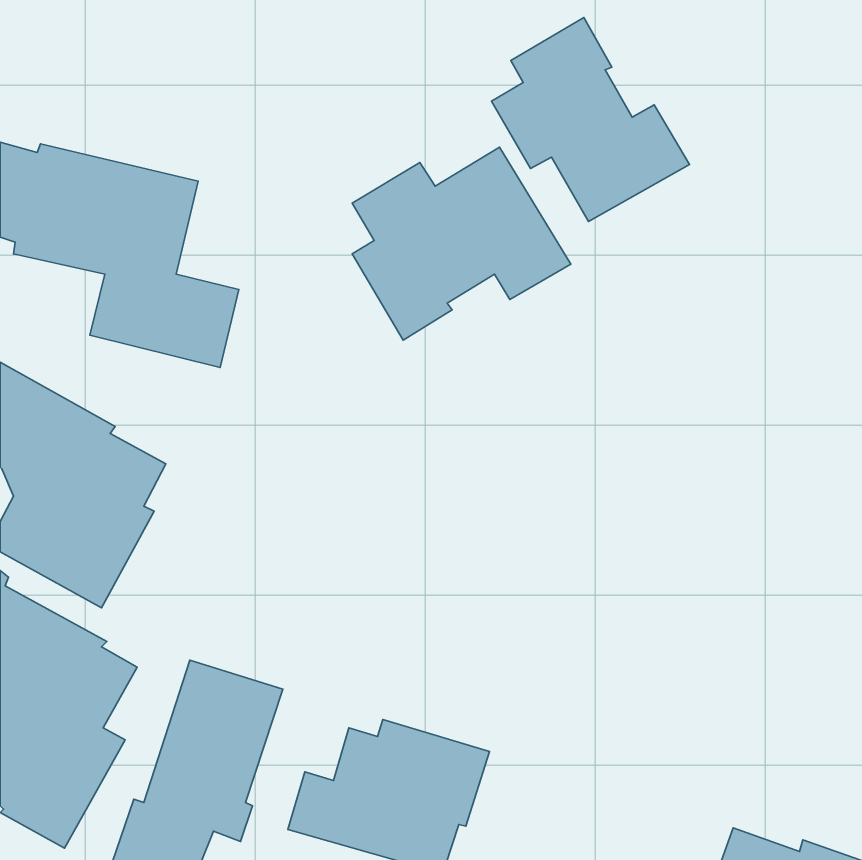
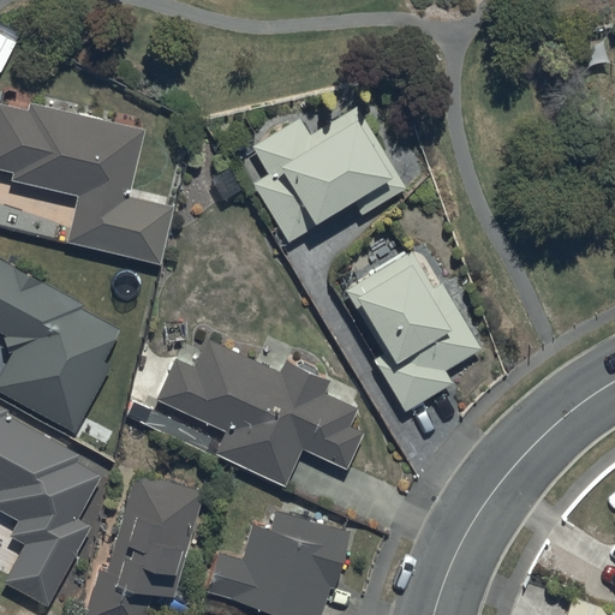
building: [492,17,689,222] -> none
building: none -> [347,251,484,413]
building: none -> [155,340,363,485]

